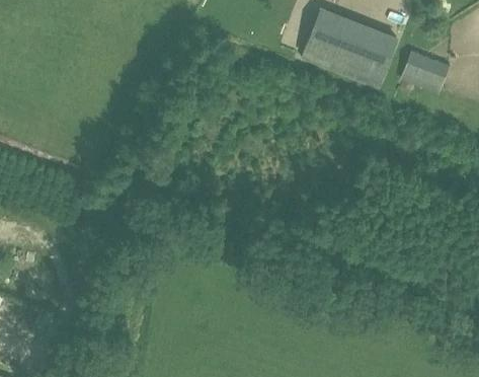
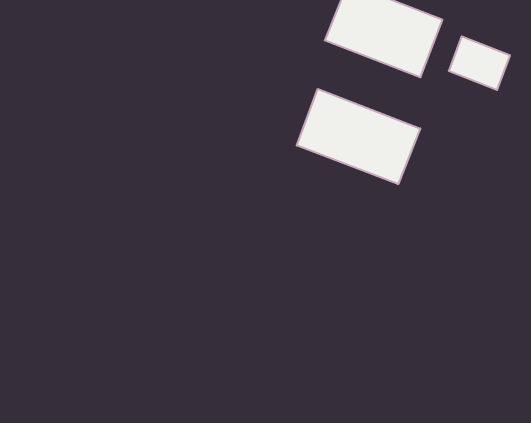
building: none -> [297,89,420,184]

